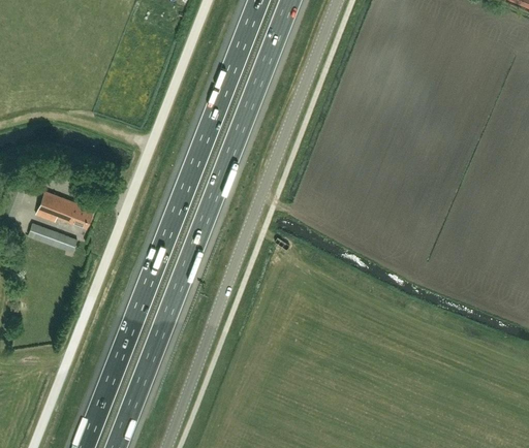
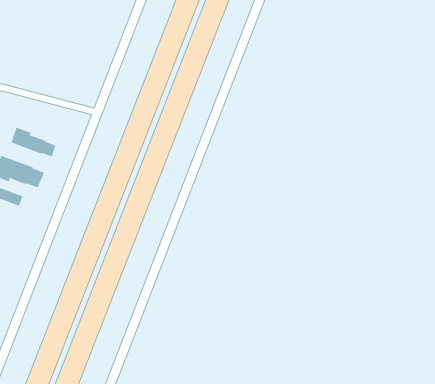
building: none -> [11,127,56,157]

